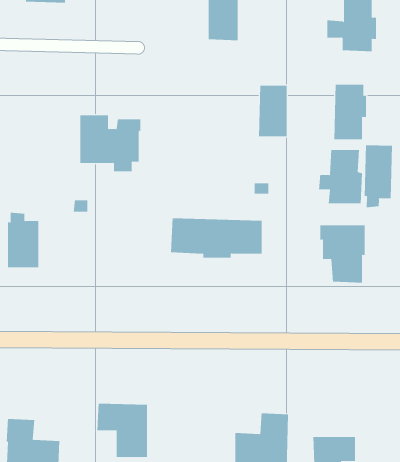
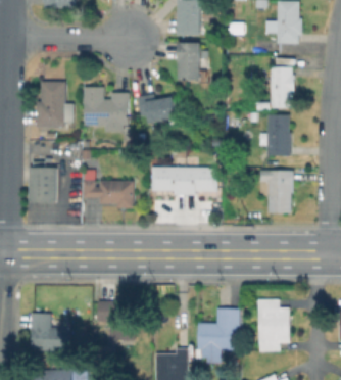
building: [258,85,287,137] -> [180,43,201,81]
building: none -> [37,82,75,127]
building: none -> [139,94,177,124]
building: [364,144,393,208] -> none
building: none -> [84,170,135,208]
building: none -> [255,299,287,326]

